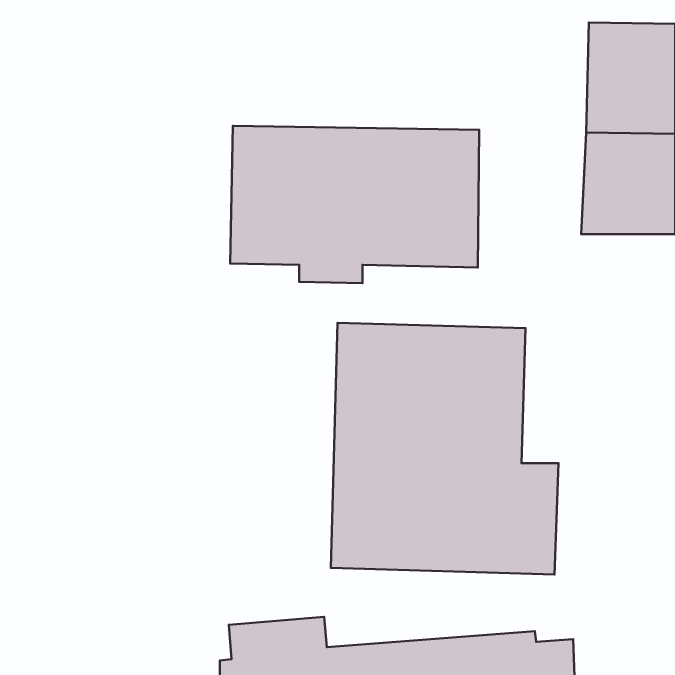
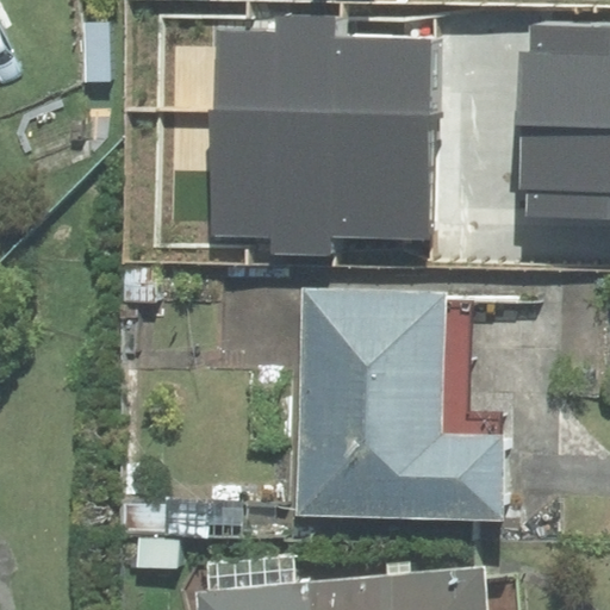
building: none -> [210,15,432,118]

